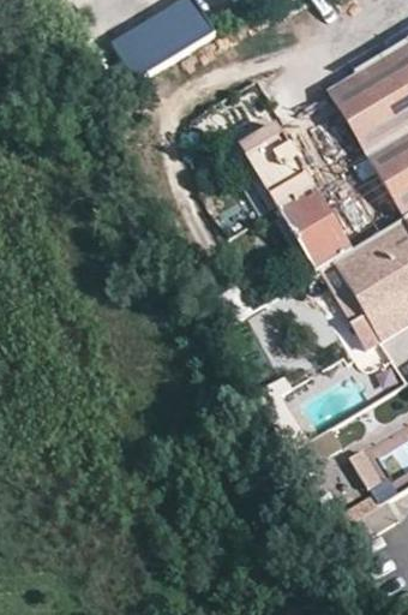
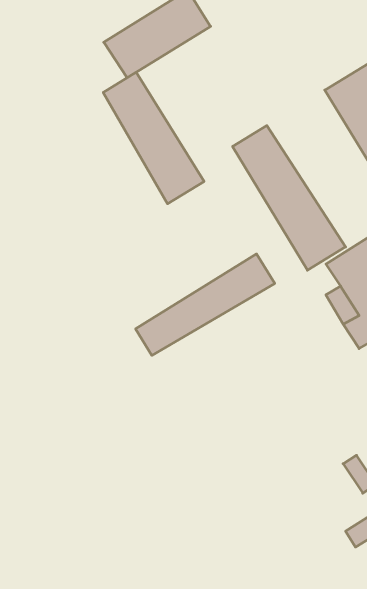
building: none -> [103,72,204,204]
building: none -> [136,254,275,355]

